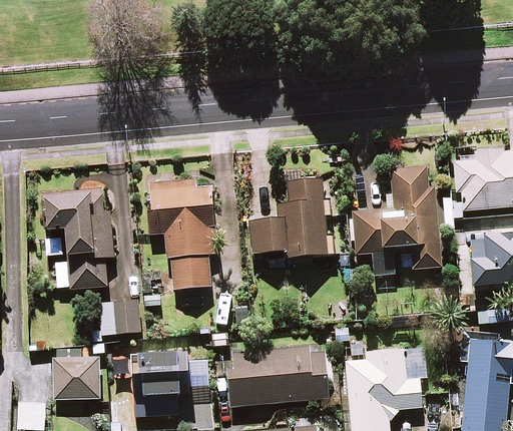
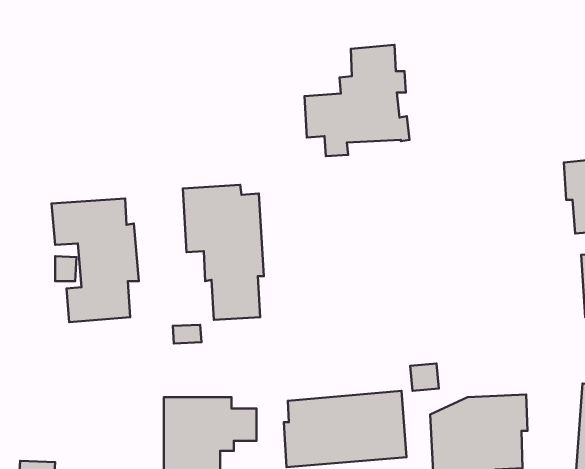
building: [353,166,440,275] -> none
building: [249,177,334,267] -> [304,45,409,156]
building: [100,300,140,334] -> none
building: [54,358,99,399] -> none

